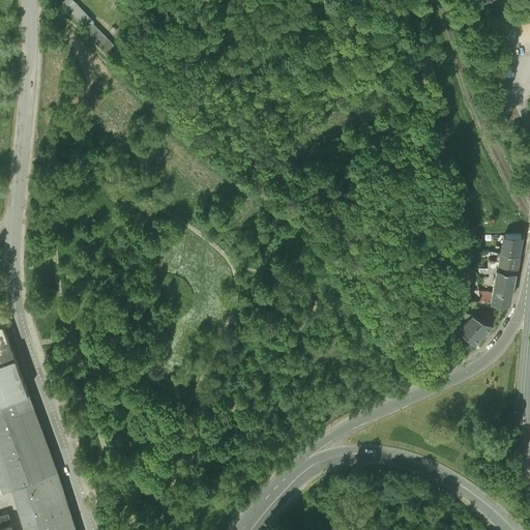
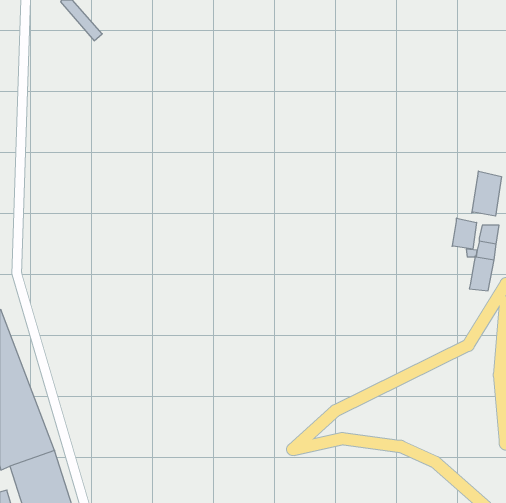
building: none -> [472,171,501,216]
building: none -> [452,218,477,249]
building: [458,319,492,348] -> none

